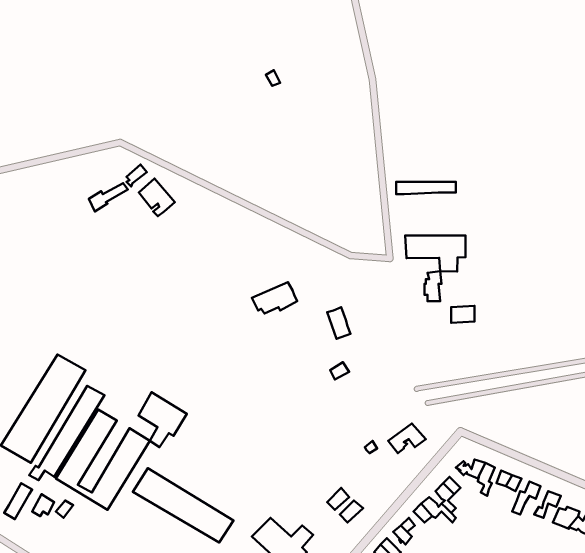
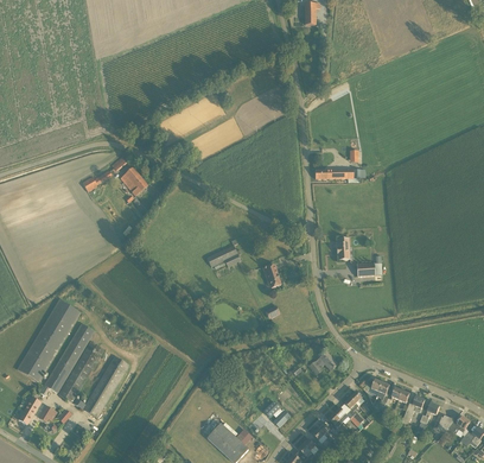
building: [405,235,465,272] -> none
building: [138,392,187,447] -> none
building: [133,468,234,543] -> none

